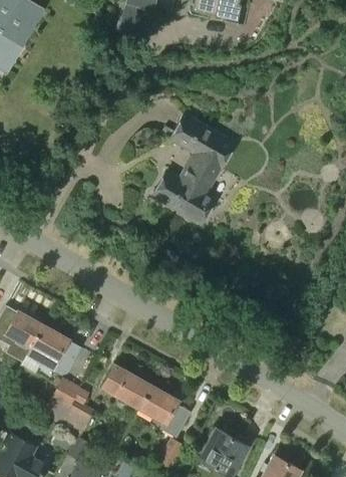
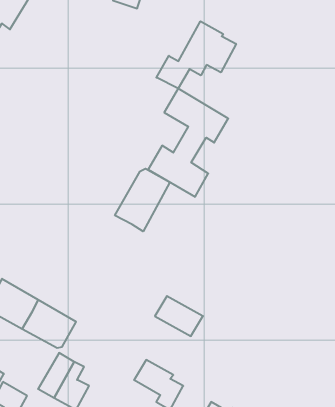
building: none -> [156,21,236,89]
building: none -> [115,169,170,231]
building: [103,367,151,407] -> [155,296,203,336]

